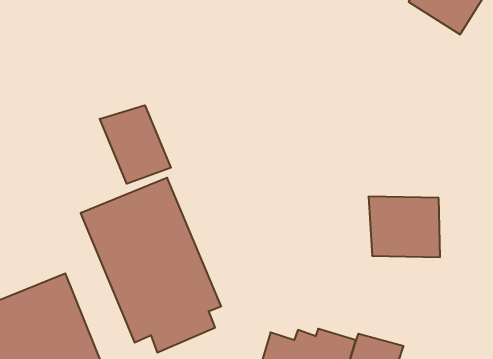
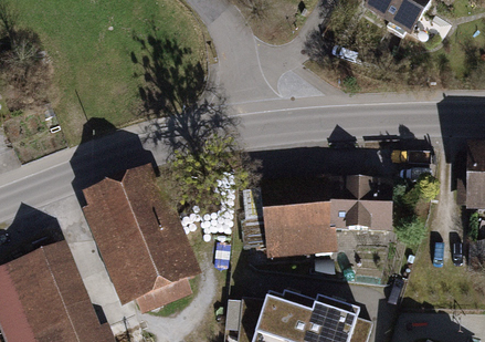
building: [100,105,171,184] -> none
building: none -> [262,177,335,258]

